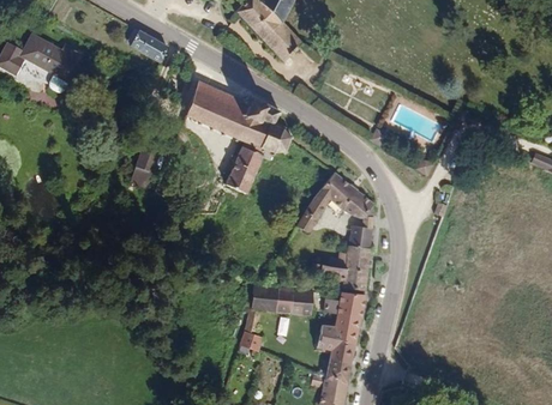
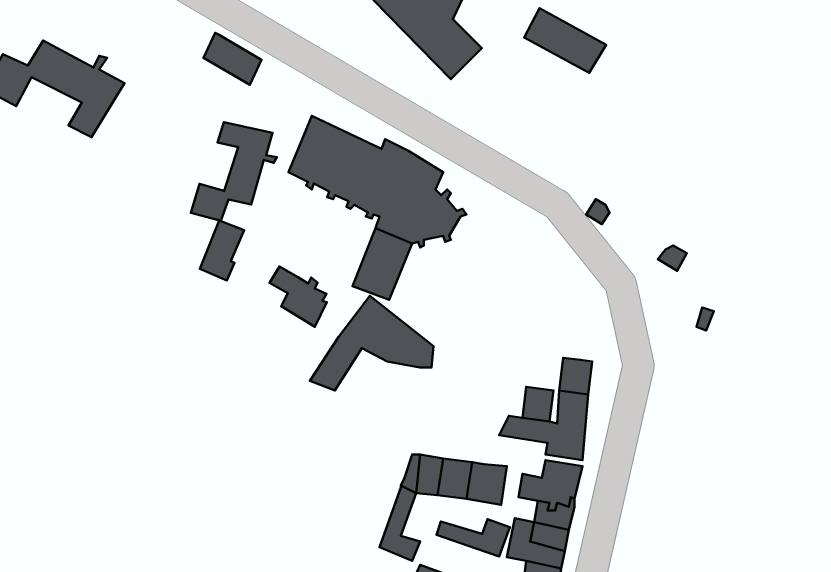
building: none -> [524,8,606,73]
building: none -> [191,122,277,221]
building: none -> [270,267,327,327]
building: [298,176,374,235] -> [310,296,433,391]
building: none -> [436,519,510,557]

